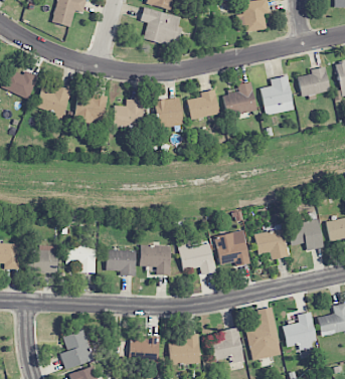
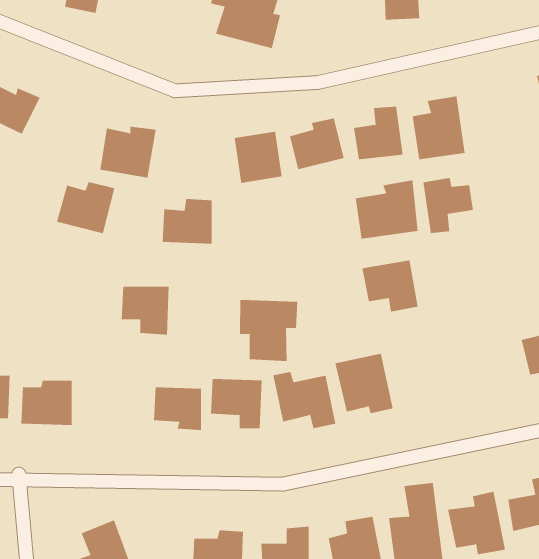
building: [298,67,330,97] -> none
building: [35,85,70,117] -> [56,182,115,234]
building: [113,100,143,127] -> [162,199,212,244]
building: none -> [423,177,473,234]
building: none -> [355,179,418,240]
building: none -> [239,299,298,362]
building: [289,219,322,250] -> none
building: [253,229,288,260] -> [361,260,419,312]
building: [66,244,96,273] -> [121,286,170,335]

